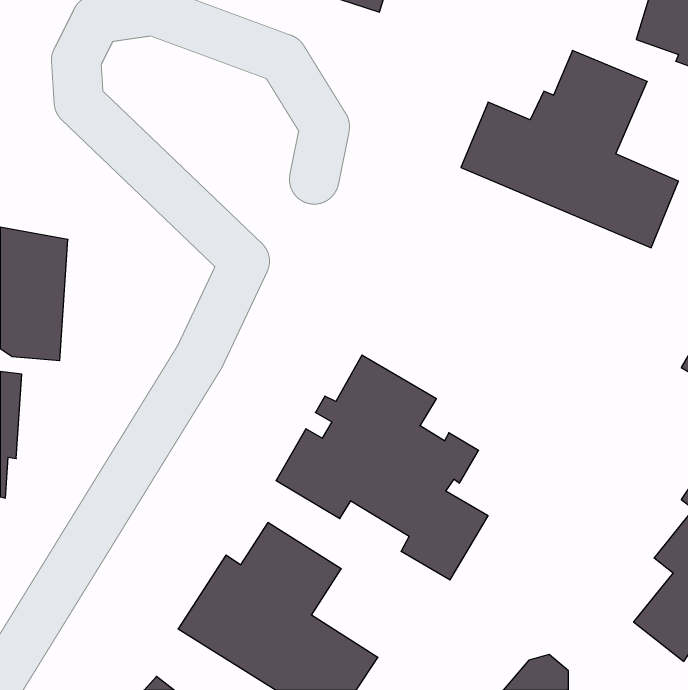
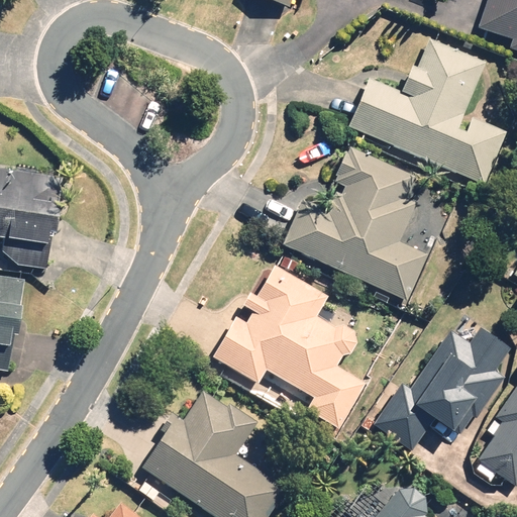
building: none -> [283,153,428,301]
building: none -> [371,328,510,452]

